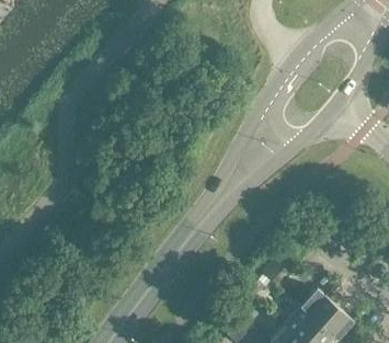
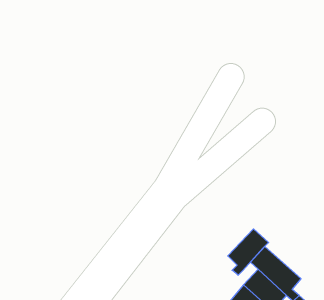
building: none -> [228,229,269,275]

